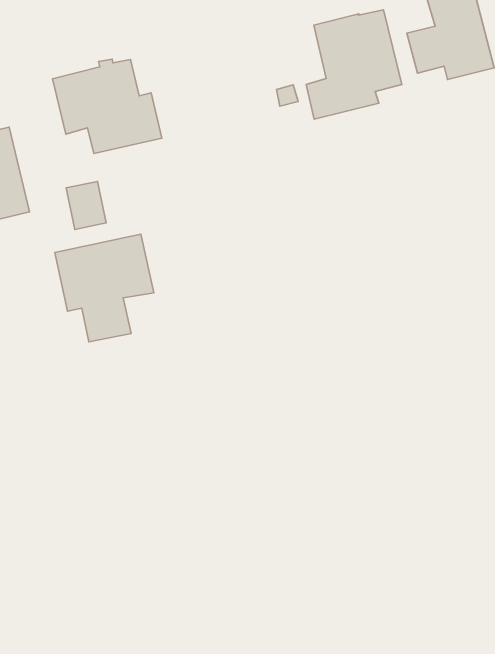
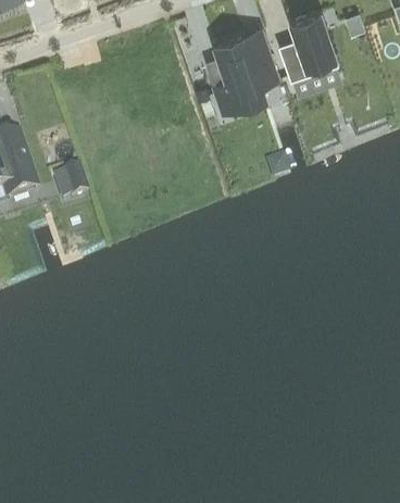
building: [52,59,162,154] -> none
building: [55,234,154,342] -> none

